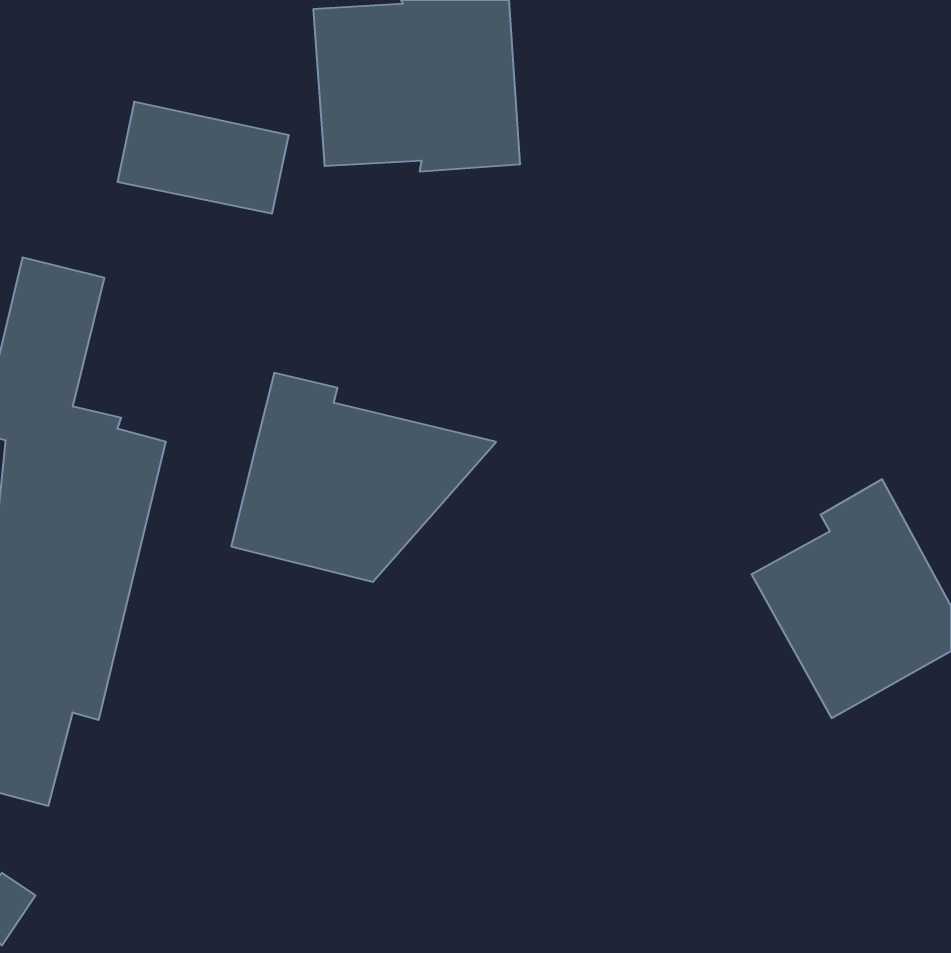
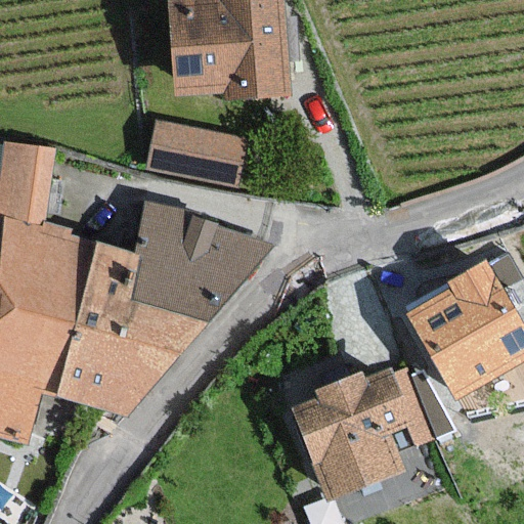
building: [117,102,289,214] -> [149,123,244,184]
building: none -> [54,243,205,411]
building: none -> [300,372,429,492]

